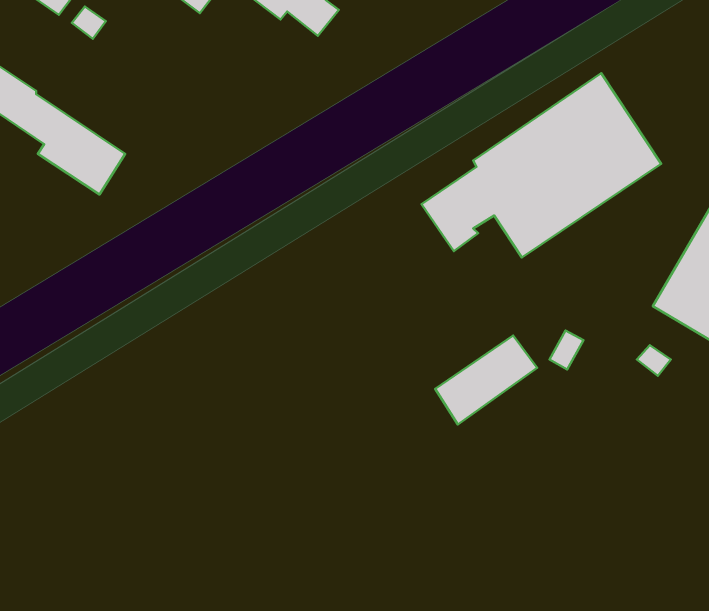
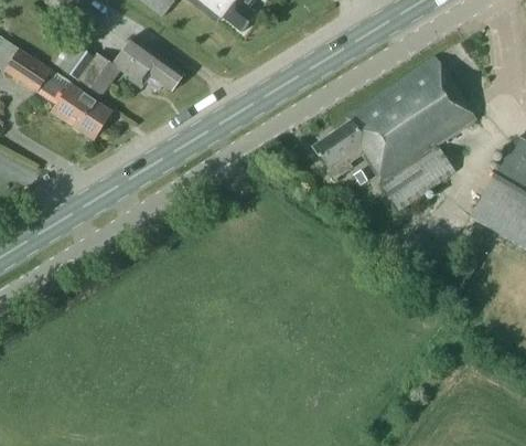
building: none -> [53,35,184,95]
building: [435,335,537,425] -> [384,148,453,209]

